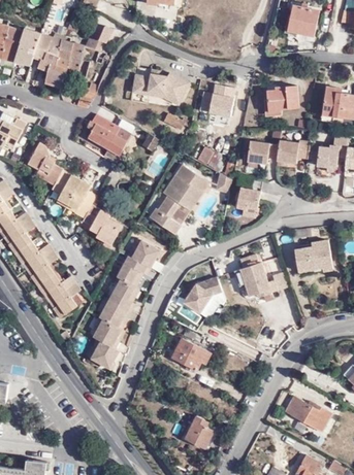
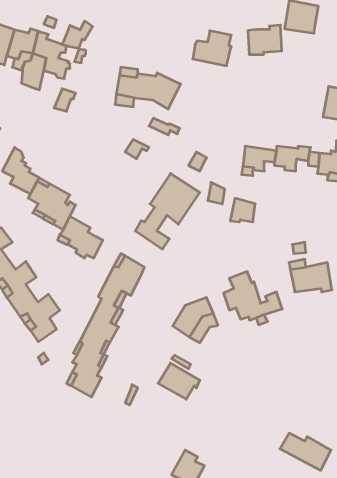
building: [266,82,297,109] -> [248,25,282,54]
building: [199,83,234,115] -> [193,31,231,66]
building: [86,114,130,154] -> none

